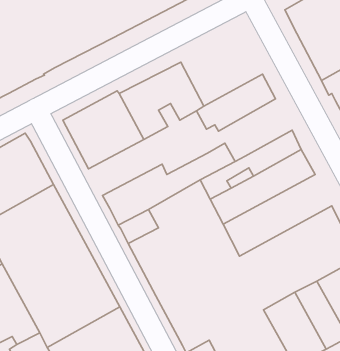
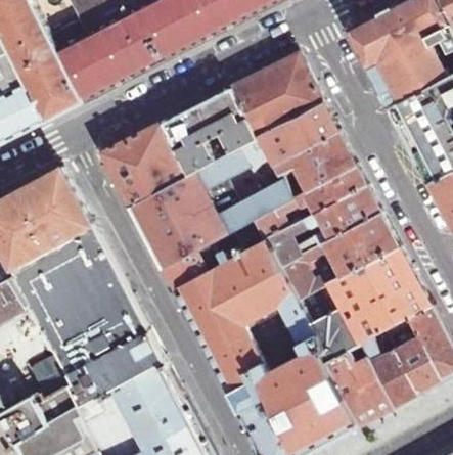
building: none -> [231,52,322,136]
building: none -> [273,128,355,191]
building: none -> [129,141,260,235]
building: none -> [278,212,399,303]

